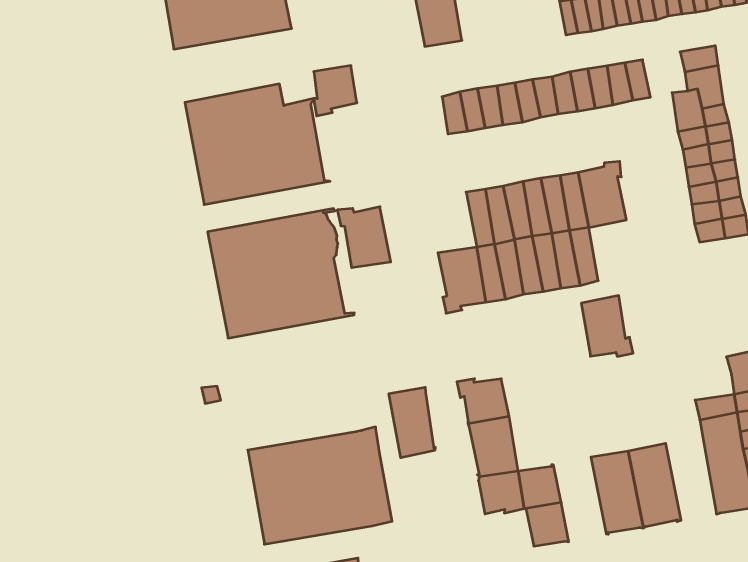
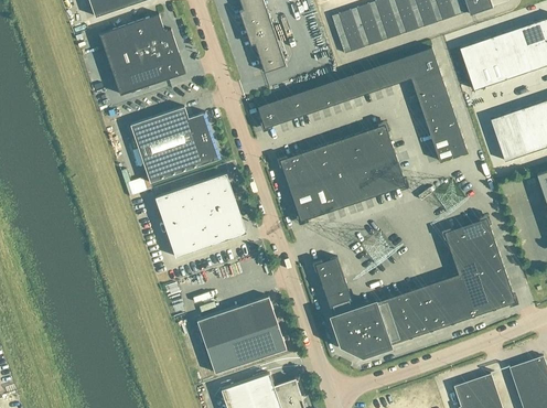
building: none -> [392,53,420,82]
building: [314,66,357,116] -> [258,99,286,131]
building: [337,207,391,268] -> [277,152,312,190]
building: [581,296,633,356] -> [375,154,409,192]
building: none -> [441,225,473,253]
building: [389,387,435,458] -> none
building: none -> [438,273,473,323]
building: none -> [375,294,411,345]
building: none -> [340,330,371,354]

